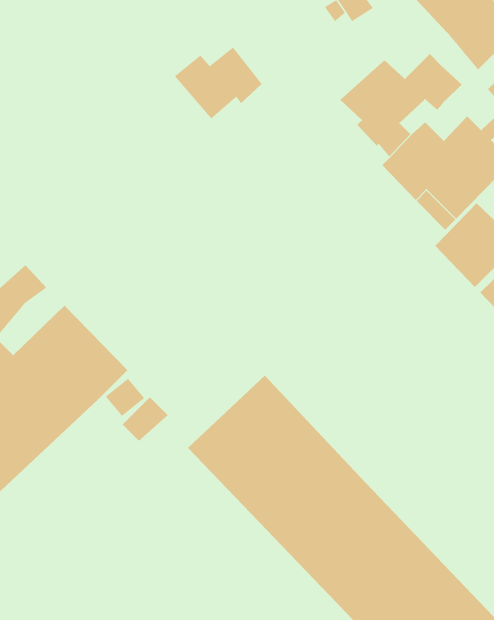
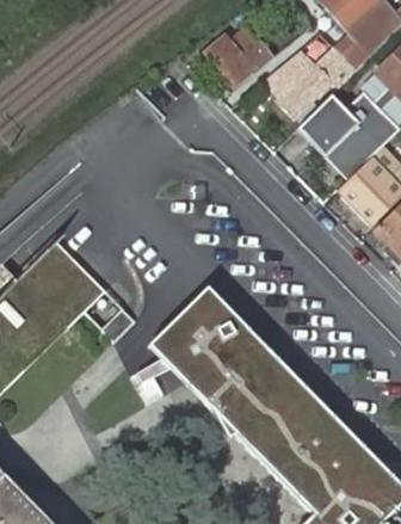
building: [174,47,263,120] -> [206,30,274,86]

